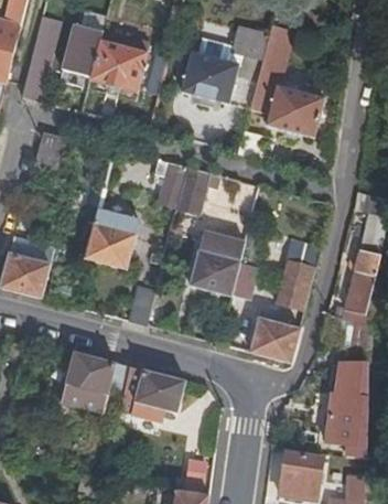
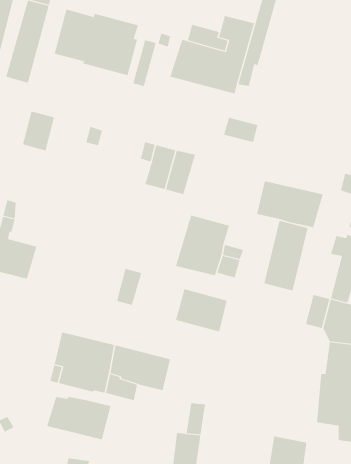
building: [265,88,325,140] -> none
building: none -> [256,181,323,228]
building: [85,203,138,268] -> none
building: [247,317,300,361] -> [175,288,227,332]
building: none -> [47,396,111,440]

